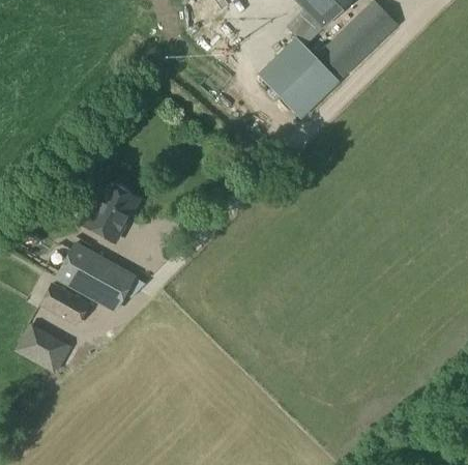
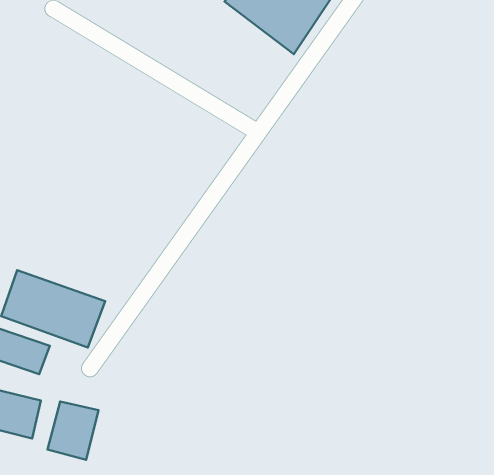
building: [81,183,137,243] -> none
building: none -> [47,402,99,460]

